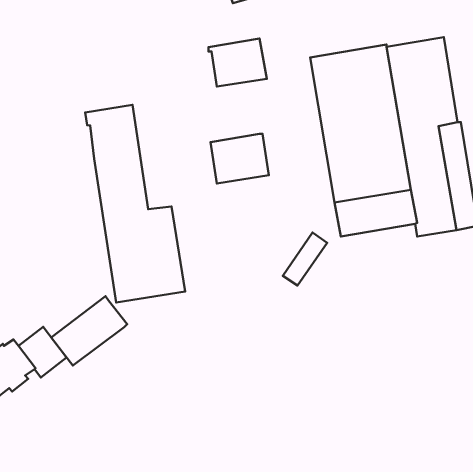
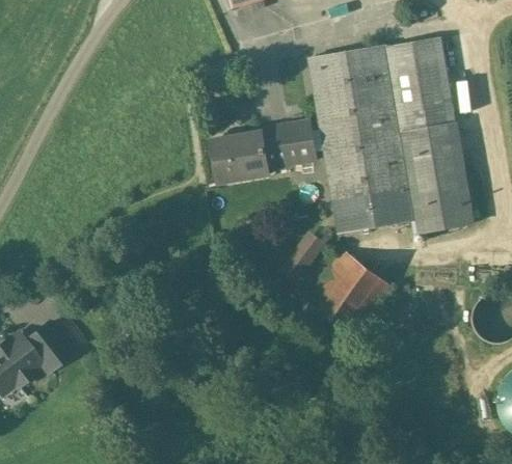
building: [208,39,267,86] -> [261,119,318,166]
building: [85,105,185,302] -> none
building: none -> [311,252,395,334]
building: [51,296,127,365] -> none

